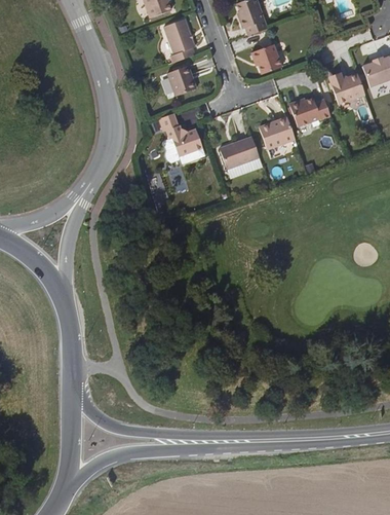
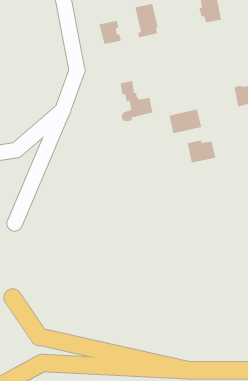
building: [251,44,282,73] -> none
building: [166,66,196,96] -> [98,21,122,44]
building: [260,119,296,148] -> [187,140,216,163]

